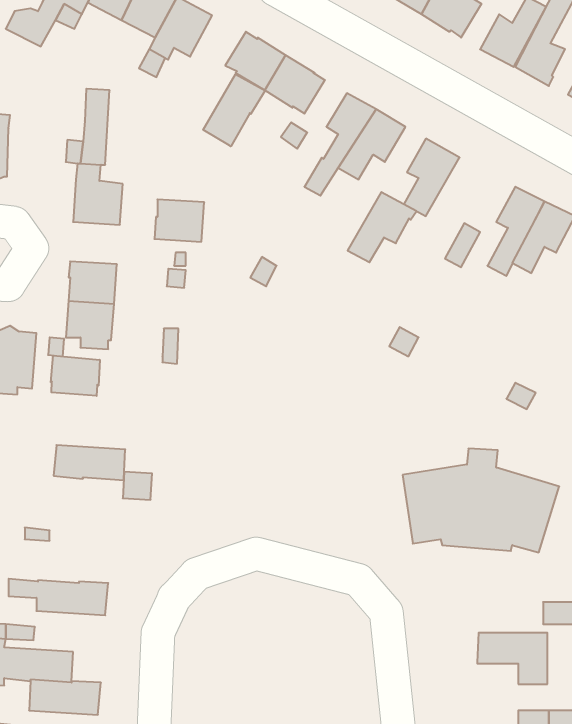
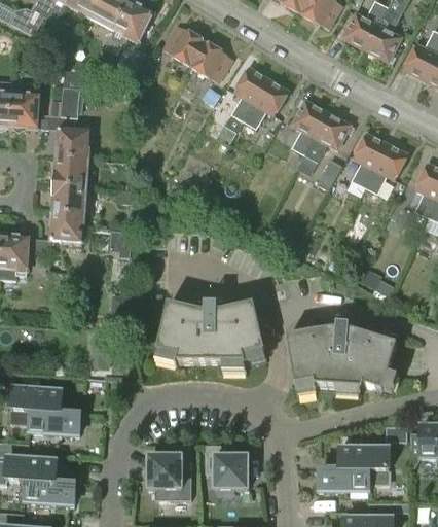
building: [203,74,265,146] -> none
building: none -> [9,82,40,130]
building: [348,192,416,262] -> [303,112,352,162]
building: [154,199,204,242] -> [53,157,88,187]
building: [51,356,100,396] -> none
building: none -> [156,296,265,365]
building: [54,445,125,480] -> [10,387,61,412]
building: none -> [149,443,191,498]
building: none -> [205,444,248,489]
building: none -> [320,467,368,490]

